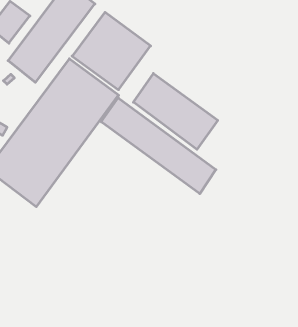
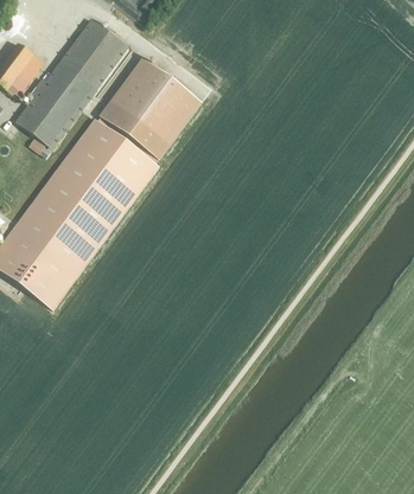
building: [133,73,218,149] -> none
building: [101,98,216,194] -> none

